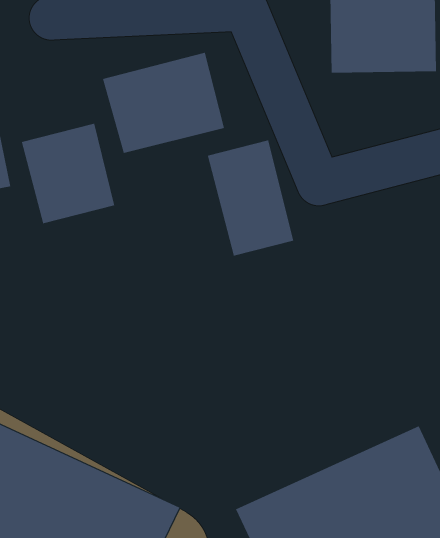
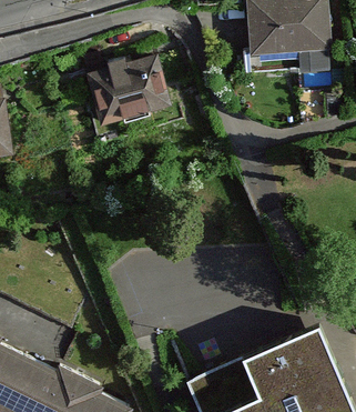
building: [21,123,115,224] -> none
building: [207,139,294,257] -> none

